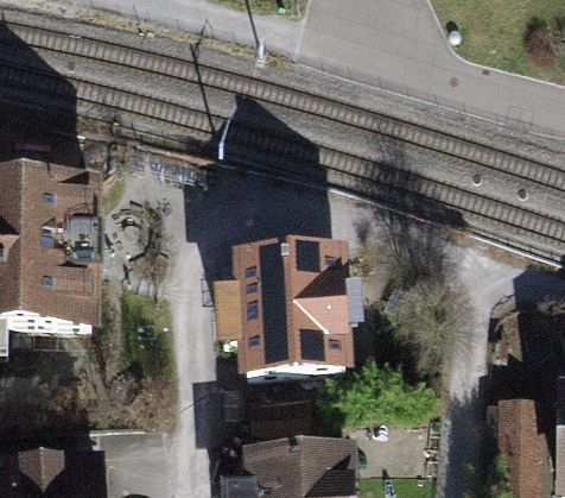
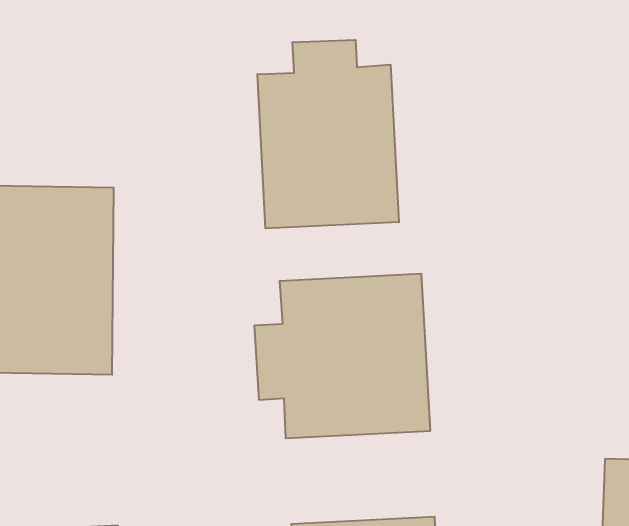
building: none -> [258,40,399,228]

